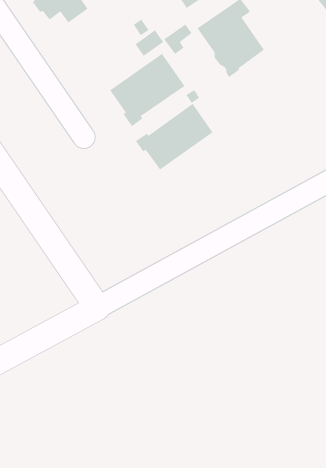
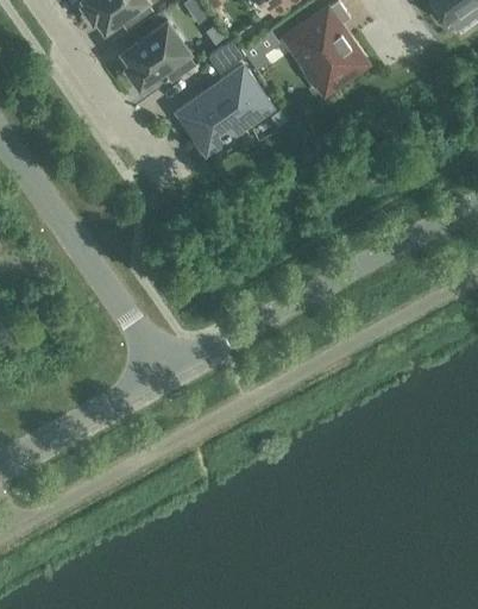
building: none -> [122,21,194,84]
building: [135,103,214,171] -> none

